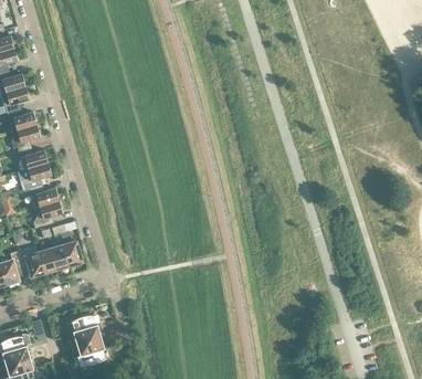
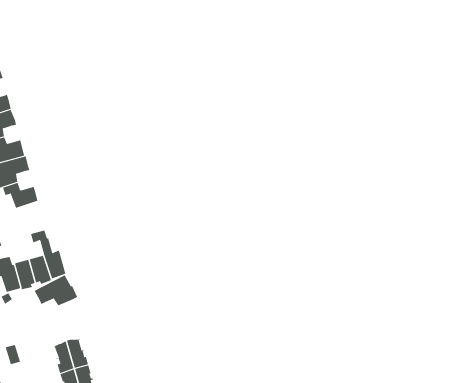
building: [33,200,63,229] -> none
building: none -> [34,274,78,306]

